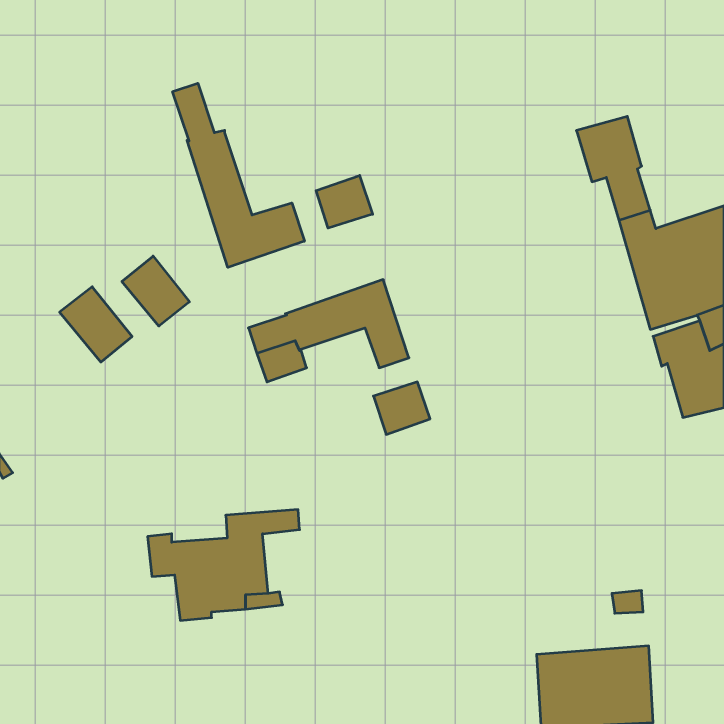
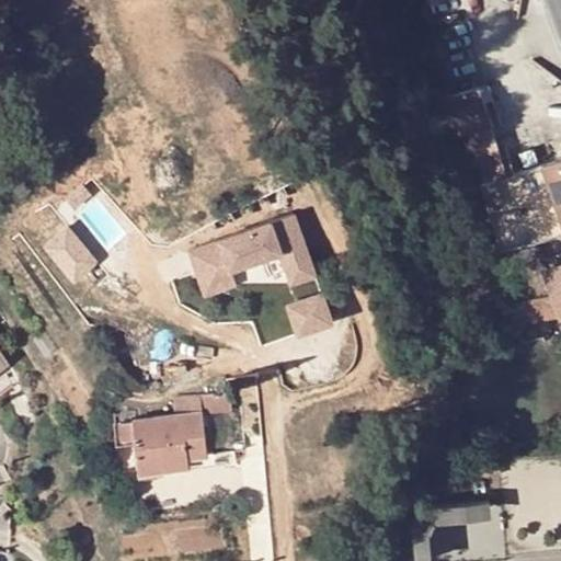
building: [173,83,304,267] -> none
building: [316,175,373,228] -> none
building: [122,256,189,326] -> none

